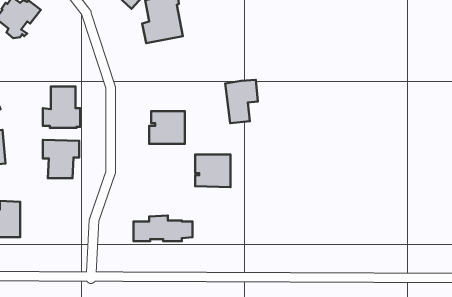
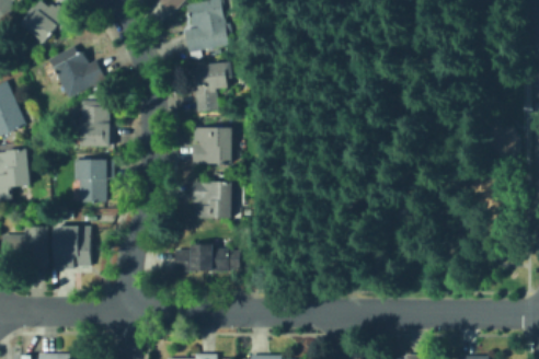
building: none -> [48,46,106,97]
building: [225,80,258,123] -> [192,62,228,111]
building: [195,155,231,187] -> [193,182,232,218]
building: none -> [55,225,91,269]

